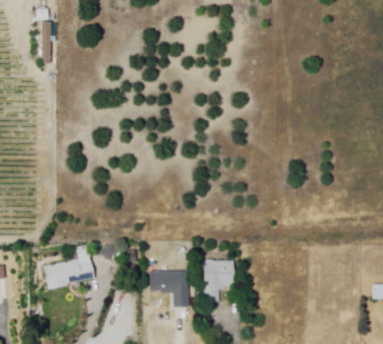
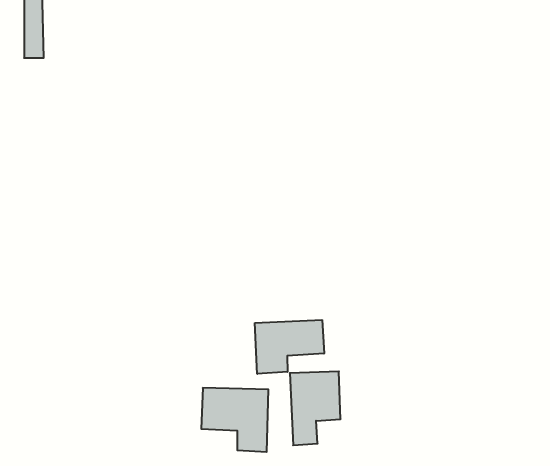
building: none -> [255,320,324,374]
building: [44,258,95,291] -> none

